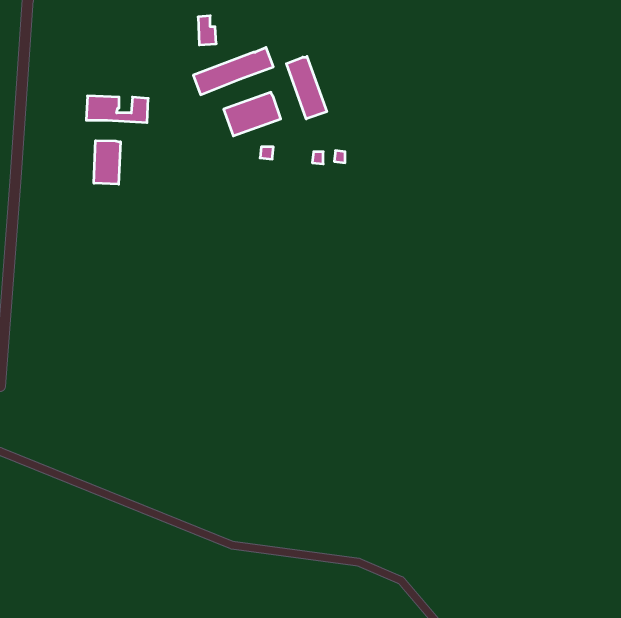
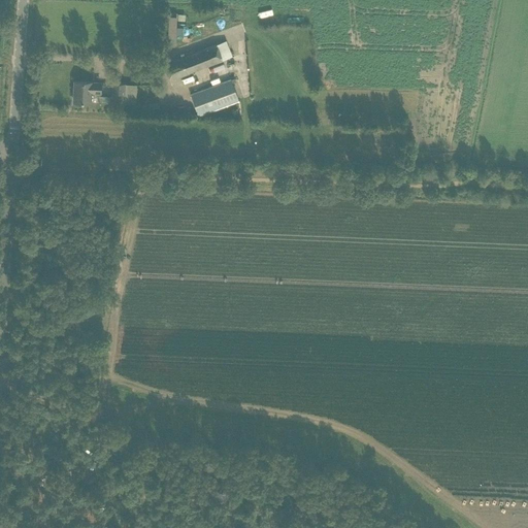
building: [286,56,327,119] -> none
building: [94,141,120,184] -> none

